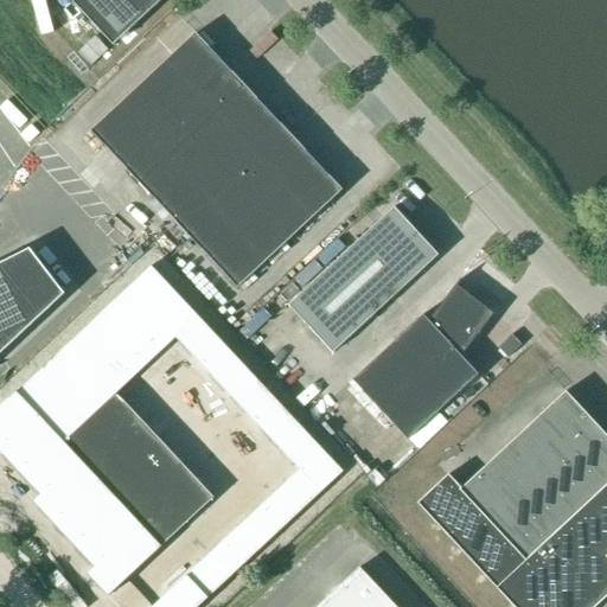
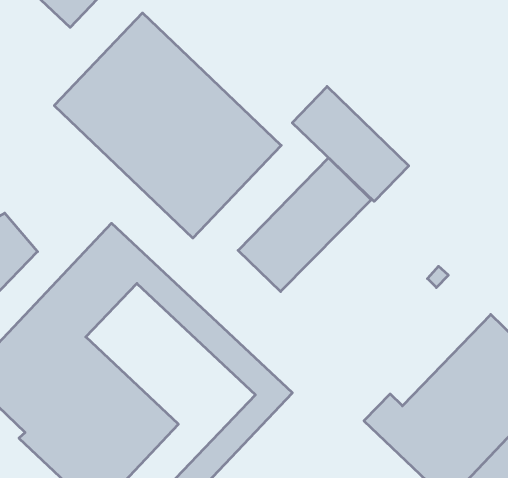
building: none -> [292,86,409,201]
building: [353,277,494,439] -> none

